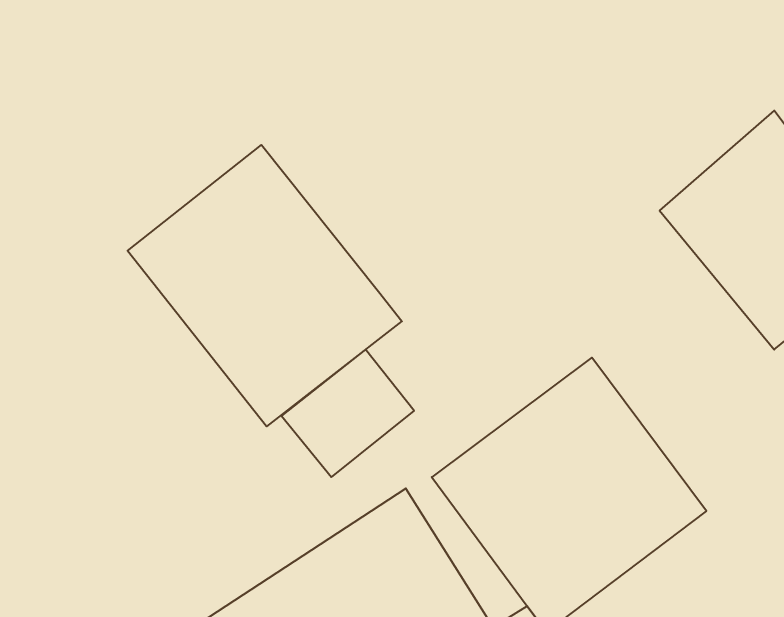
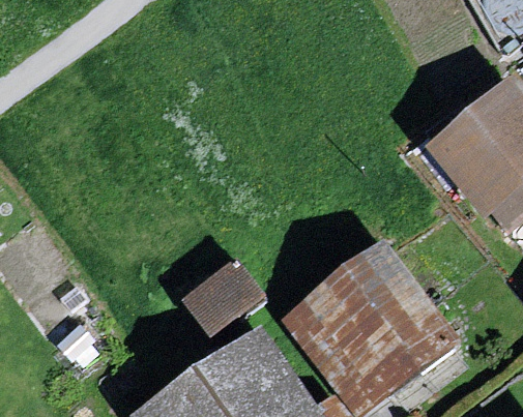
building: [128,145,402,426] -> none

